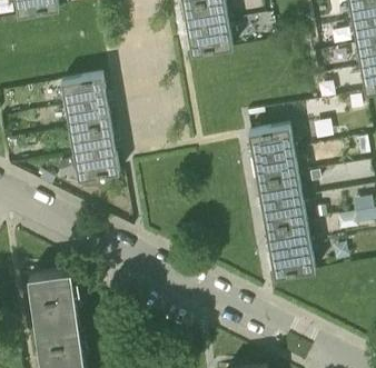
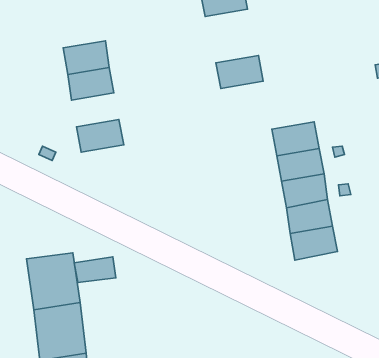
building: [69,120,112,151] -> none
building: [248,123,291,153] -> [216,56,263,88]
building: none -> [74,257,116,283]

